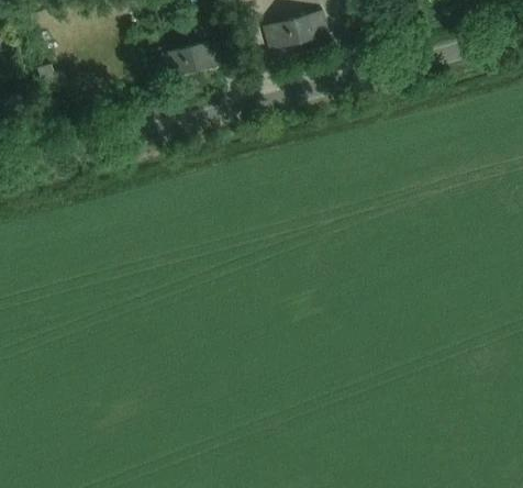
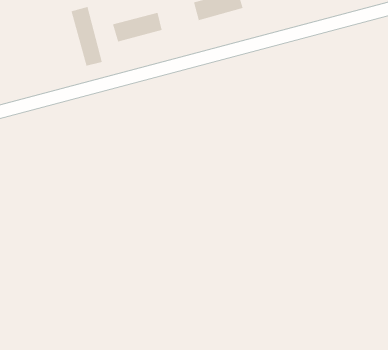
building: none -> [71,6,102,67]

